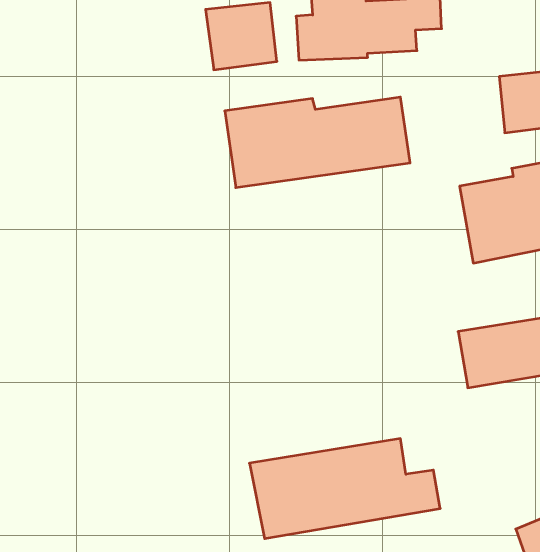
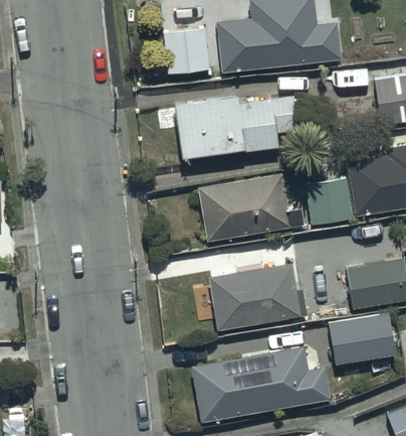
building: none -> [194,176,284,242]
building: none -> [301,181,347,227]
building: none -> [206,265,298,332]
building: none -> [325,313,393,367]

